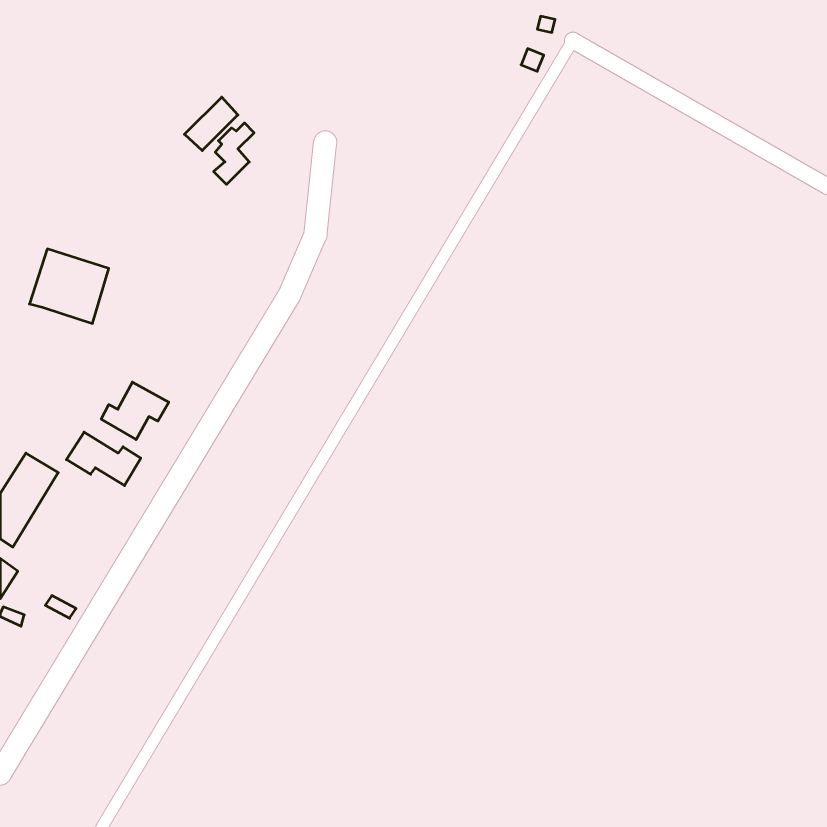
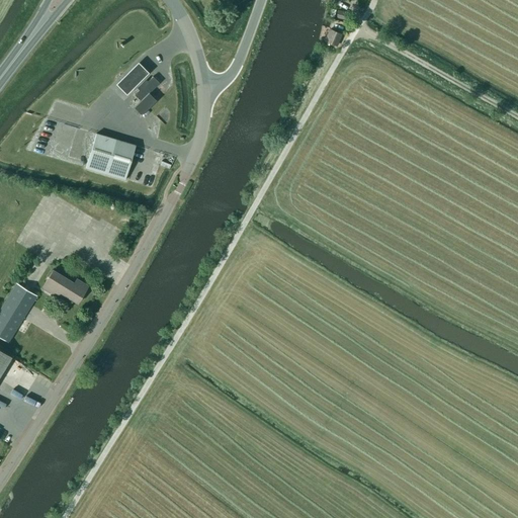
building: [29,249,109,323] -> [85,134,135,180]
building: [101,382,169,440] -> none

